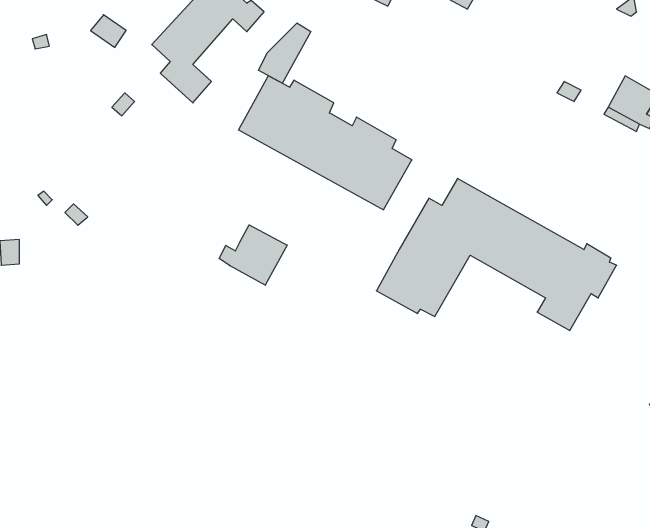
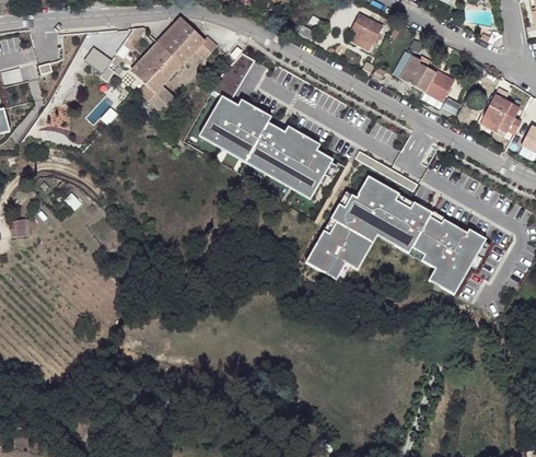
building: none -> [399,57,454,103]
building: [219,225,287,285] -> none

